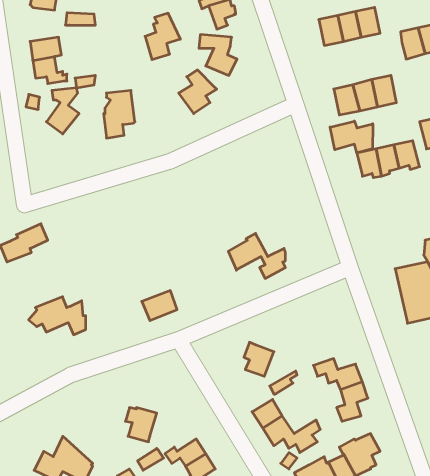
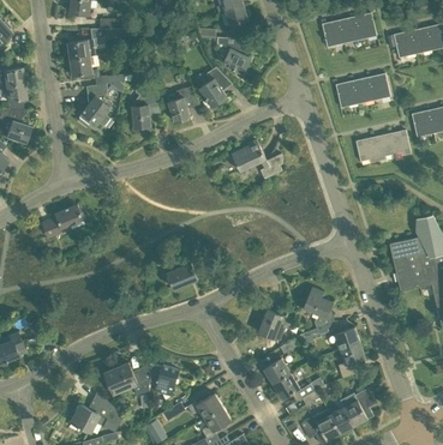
building: [145,13,180,60] -> [168,82,199,122]
building: [330,121,373,153] -> none
building: [228,233,285,278] -> [232,139,282,179]
building: [29,297,86,335] -> [97,362,148,396]
building: none -> [304,288,335,329]

